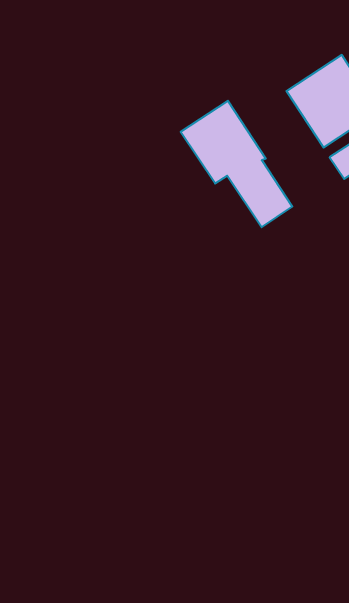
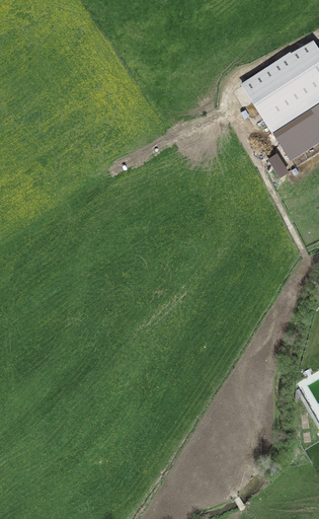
building: [181,101,292,227] -> none

